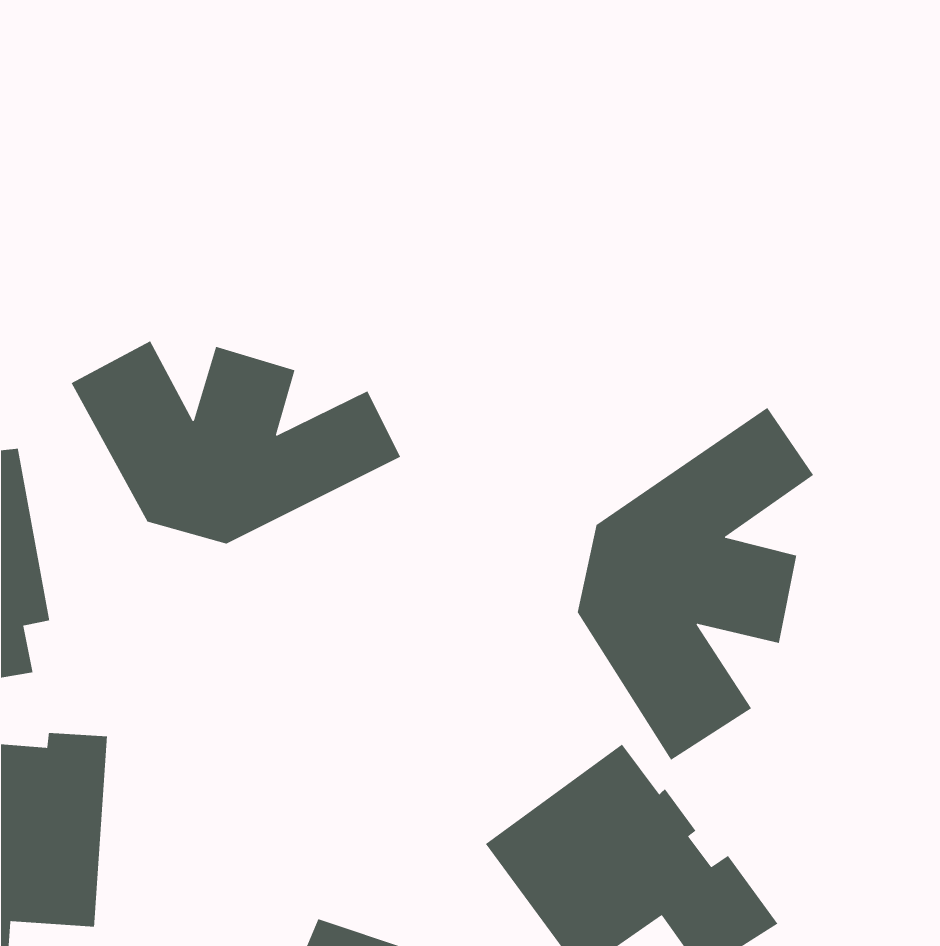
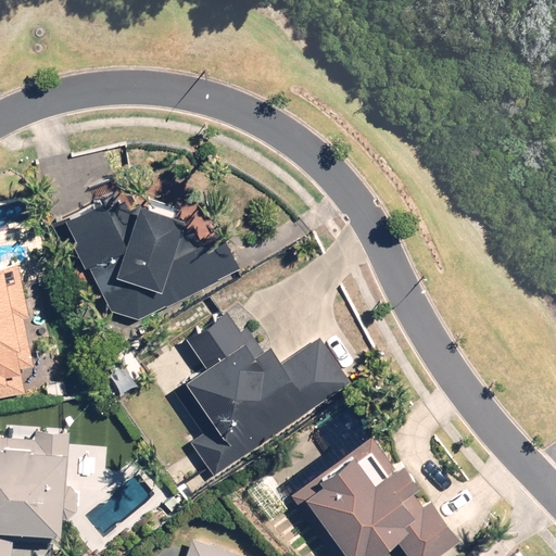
building: [577,407,814,761] -> none
building: none -> [173,309,350,477]

